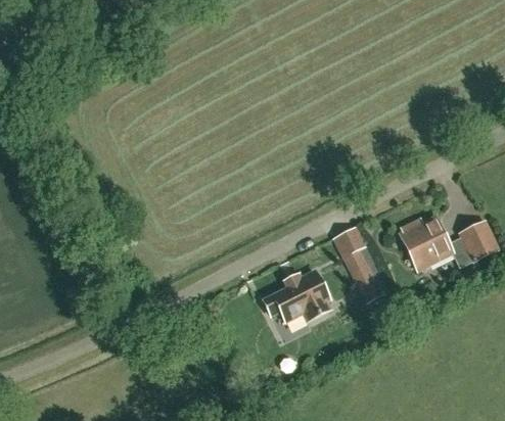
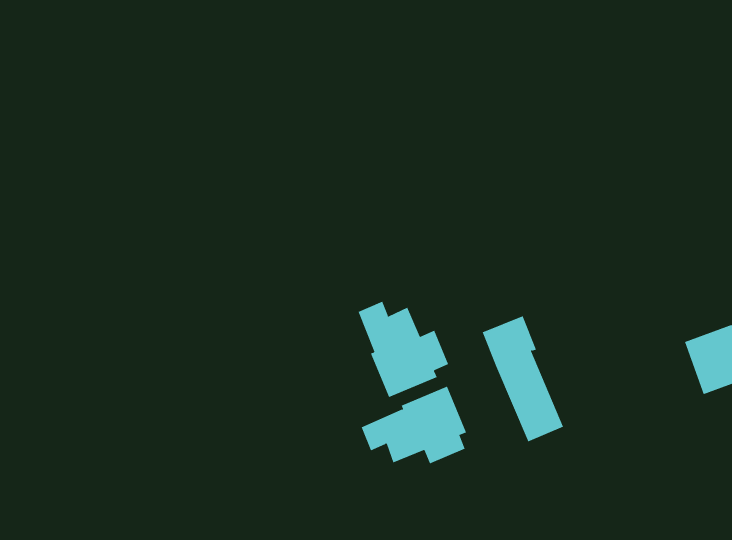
building: [398,216,451,271] -> none
building: none -> [358,301,449,398]

